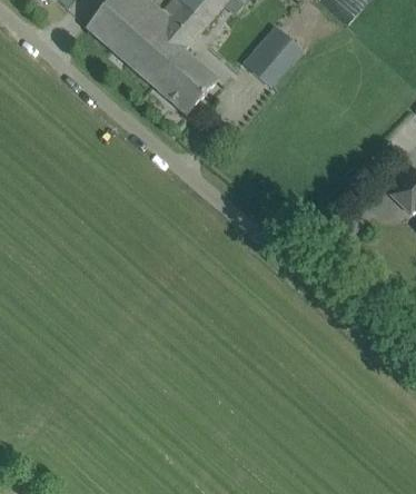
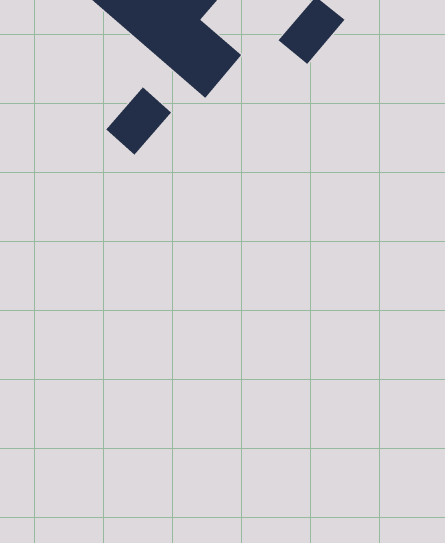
building: none -> [105,86,172,156]

